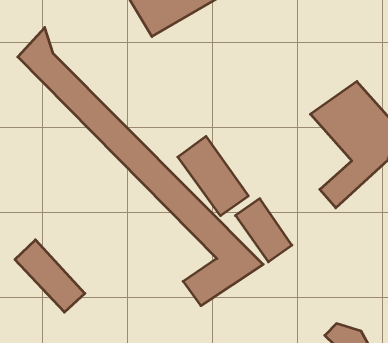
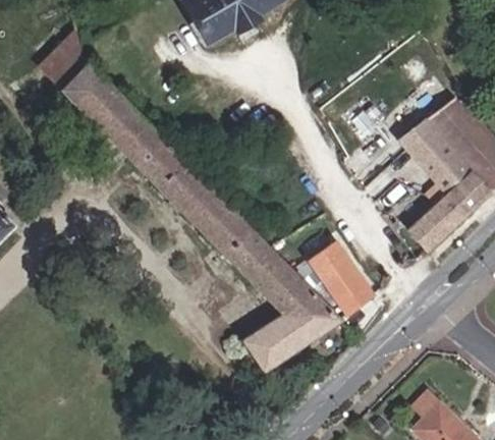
building: [178,136,248,216] -> none
building: [15,240,85,312] -> none

